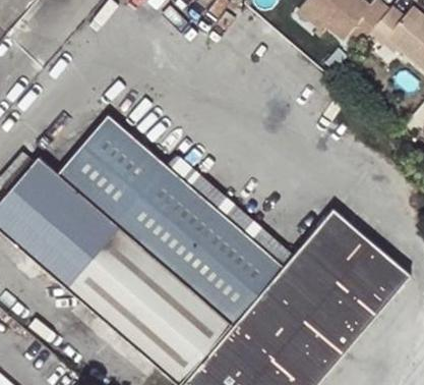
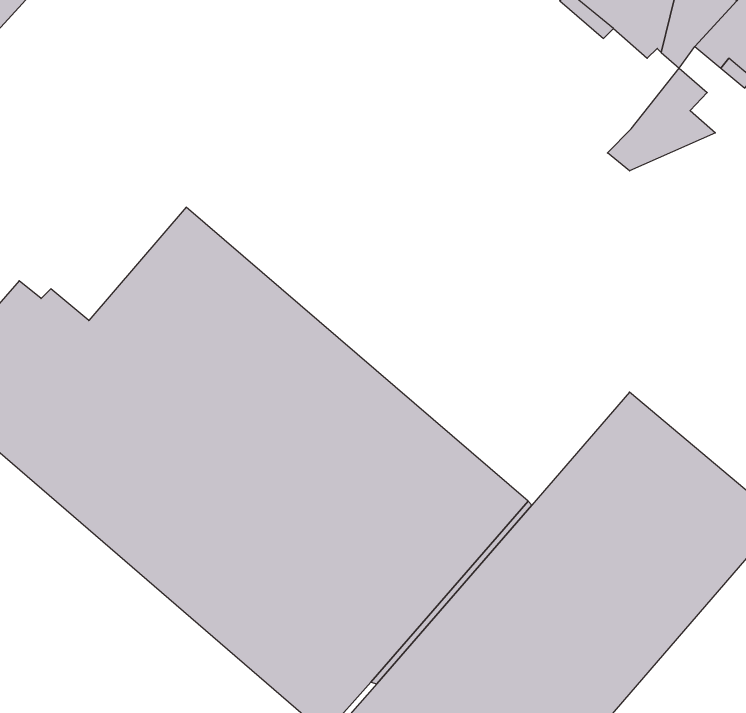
building: none -> [607,68,715,171]

